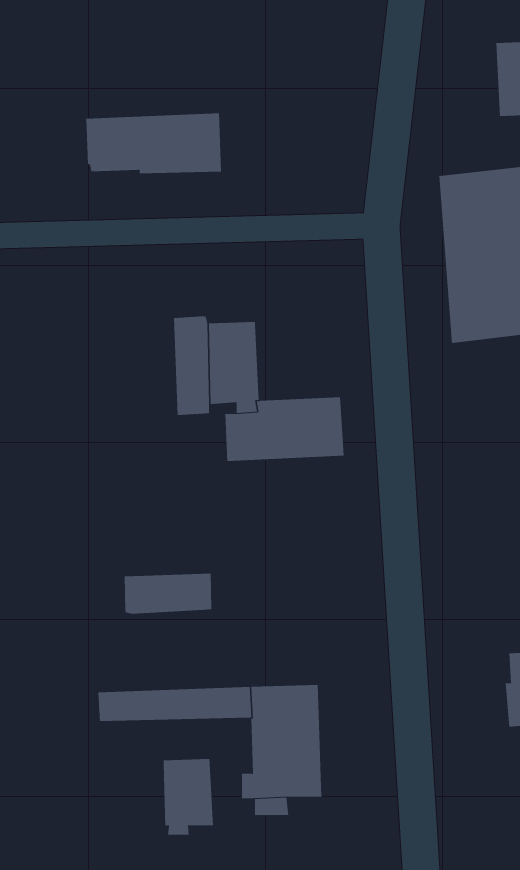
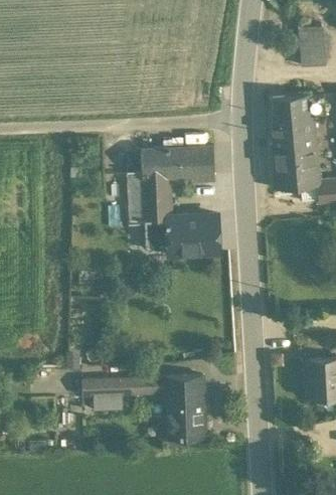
building: [85,113,222,174] -> [140,148,214,181]
building: [124,573,212,614] -> none
building: [163,758,214,835] -> none

